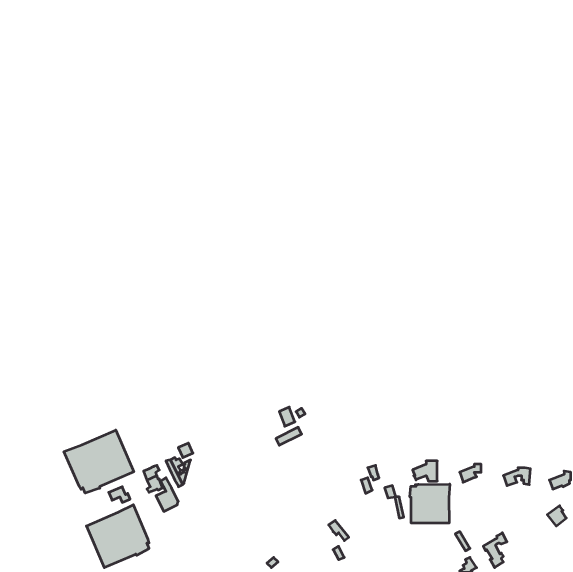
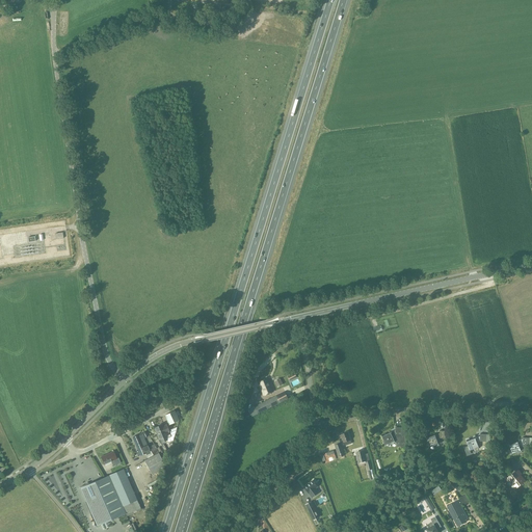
building: [64,430,134,493] -> none
building: [410,484,450,523] -> none

